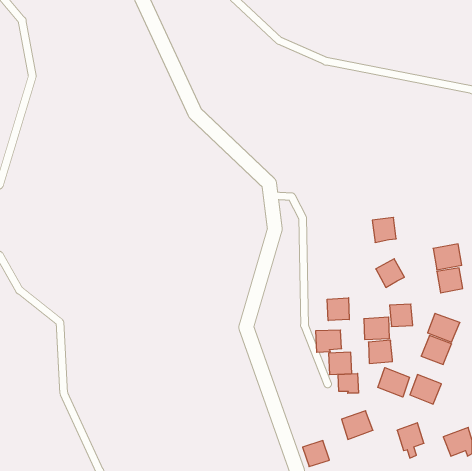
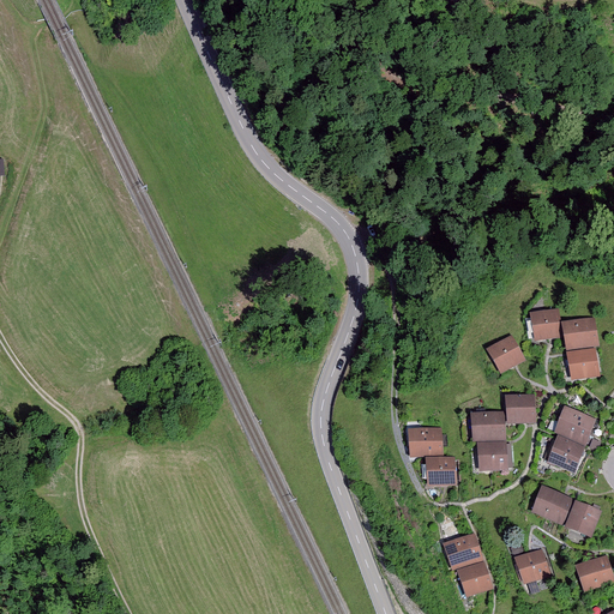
building: [372,217,396,242] -> [530,307,561,339]
building: [327,298,349,321] -> none
building: [378,368,410,397] -> none
building: [338,373,358,393] -> none
building: none -> [565,499,601,535]
building: [303,441,329,467] -> [457,561,492,595]

